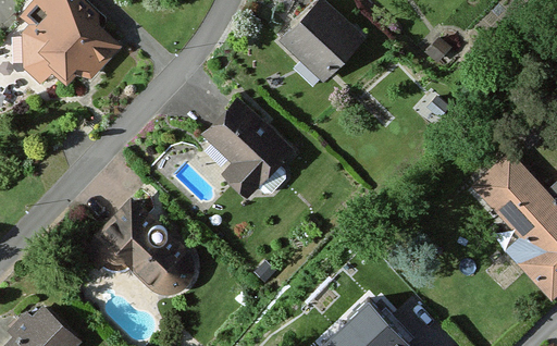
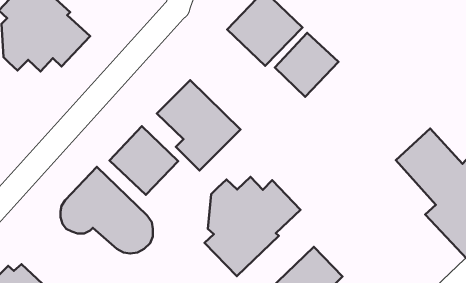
building: none -> [275,33,338,97]
building: none -> [109,126,178,195]
building: none -> [204,177,301,276]

